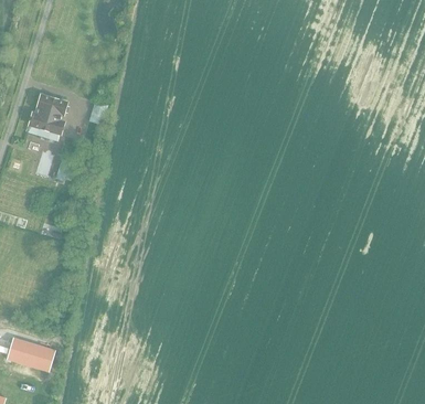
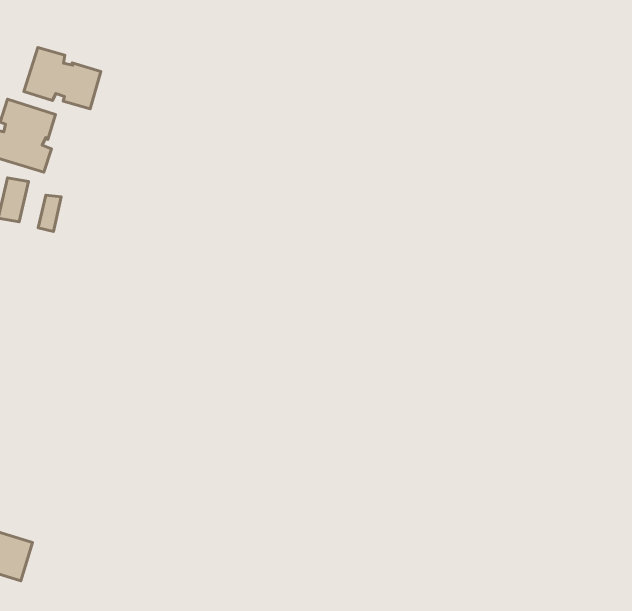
building: none -> [24,48,101,109]

